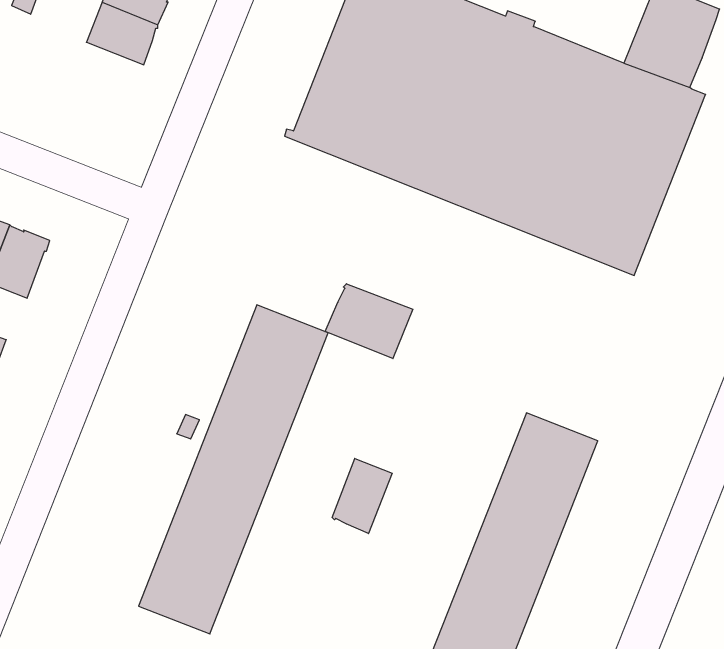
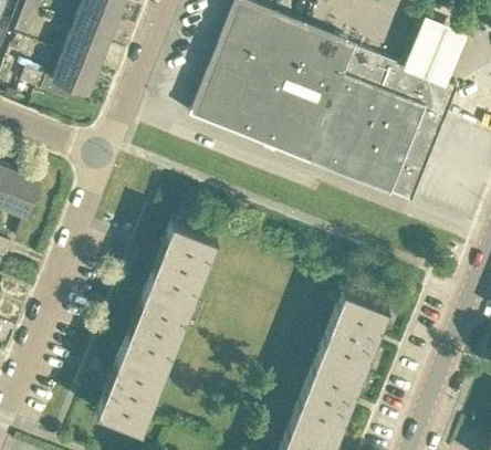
building: none -> [21,54,100,101]
building: [325,284,413,359] -> none
building: [332,458,392,534] -> none

